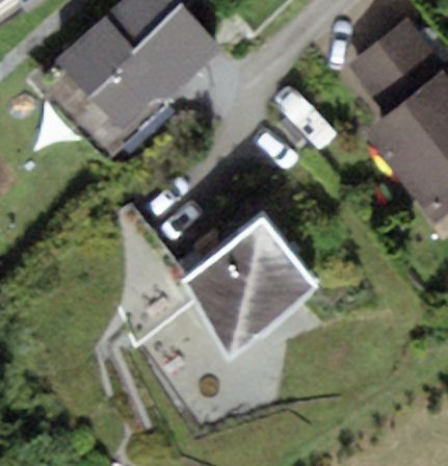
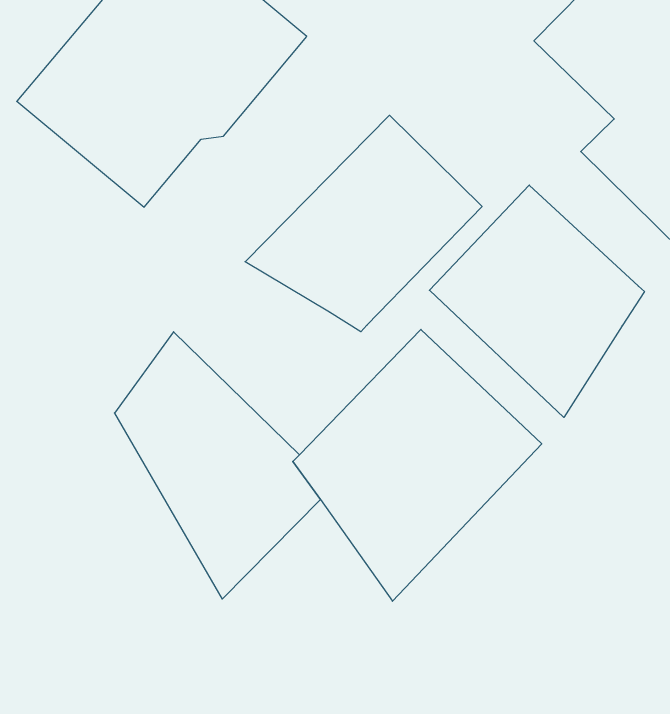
building: none -> [245,115,482,332]
building: none -> [429,185,644,417]

